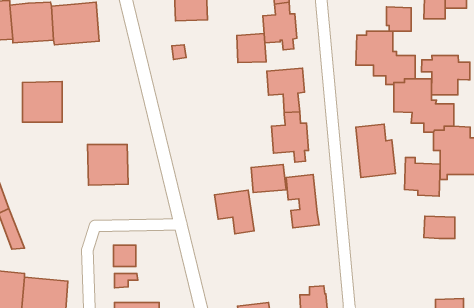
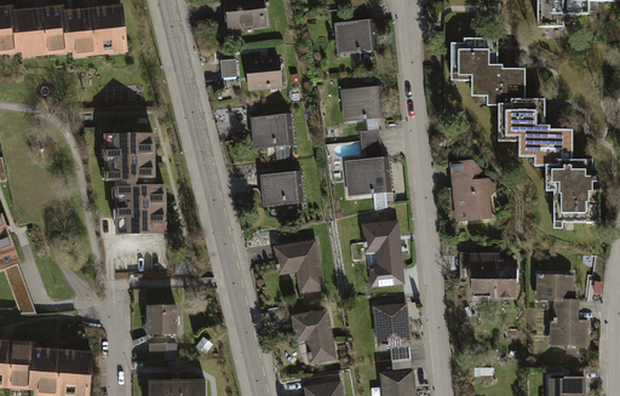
building: [387,7,411,31] -> none
building: [237,34,266,63] -> [246,54,282,91]
building: [422,56,470,95] -> none
building: [23,82,62,122] -> [103,132,153,183]
building: none -> [251,115,292,148]
building: [404,157,440,196] -> [472,252,517,300]
building: [251,165,286,193] -> [260,172,304,207]
building: none -> [550,300,587,346]
building: none -> [355,302,411,363]
building: none -> [291,309,335,363]

